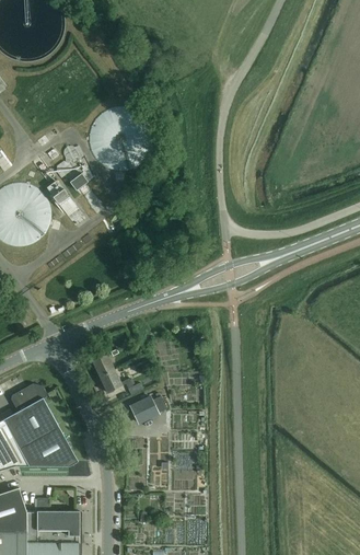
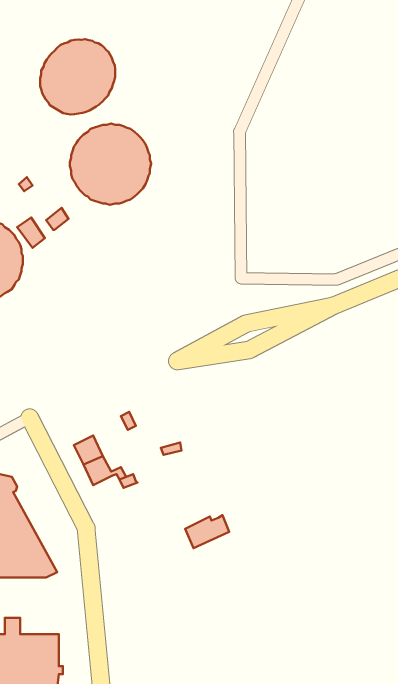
building: none -> [40,39,115,115]
building: [130,396,165,423] -> [185,515,229,548]

